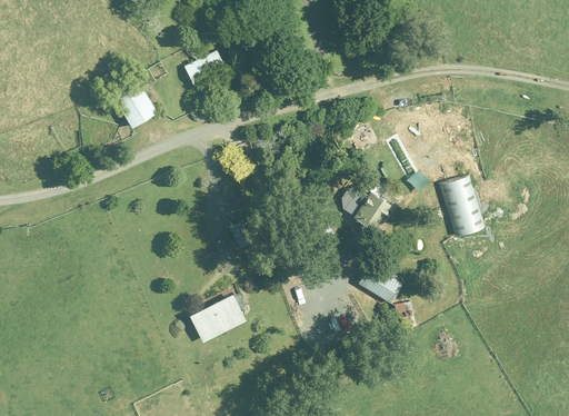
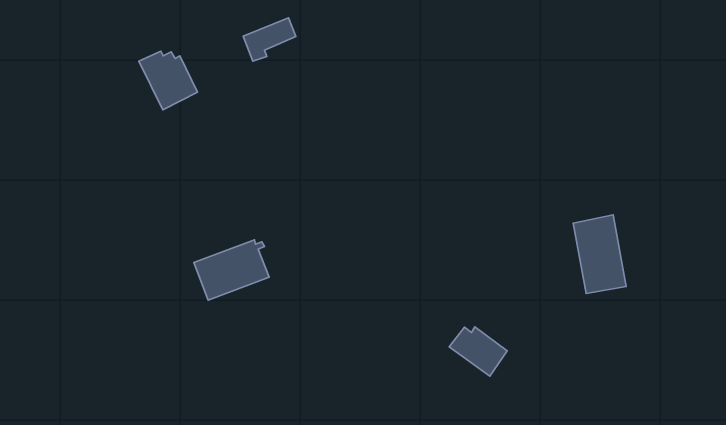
building: [341,186,390,231] -> none
building: [188,294,244,341] -> [194,240,269,300]

